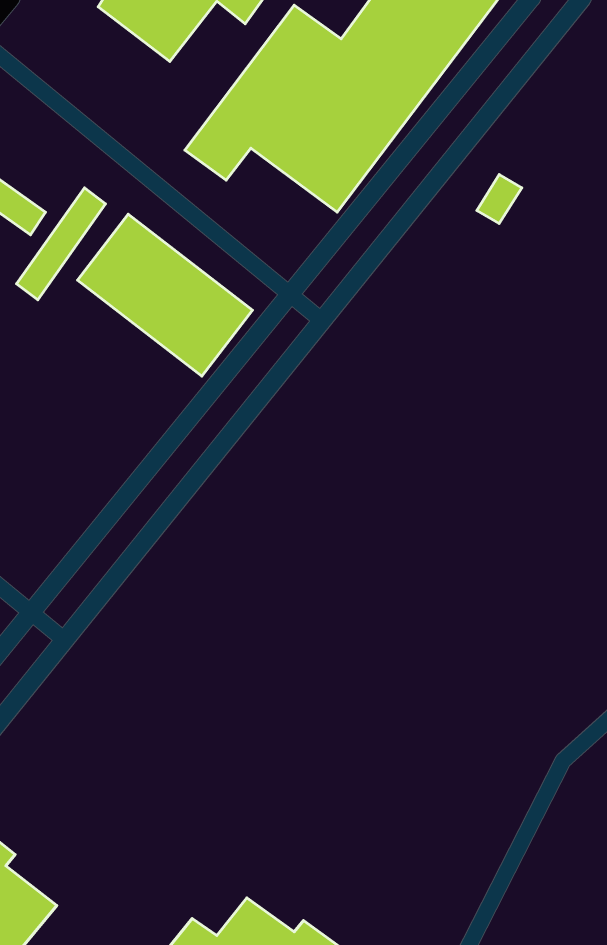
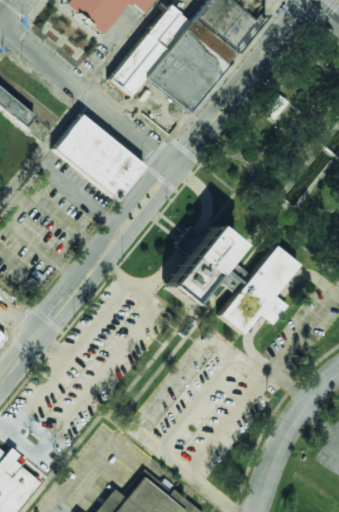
building: [17,188,106,300] -> none
building: none -> [165,226,300,334]

